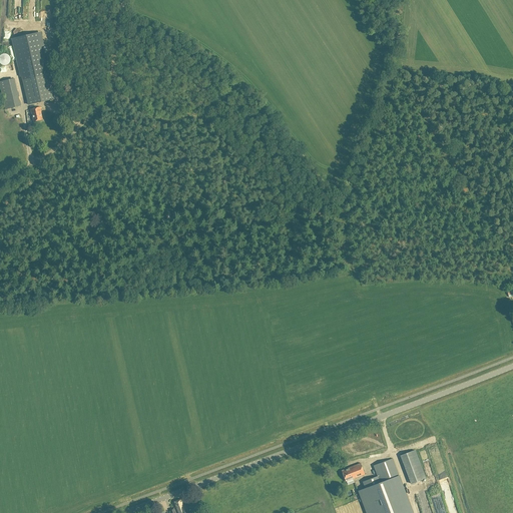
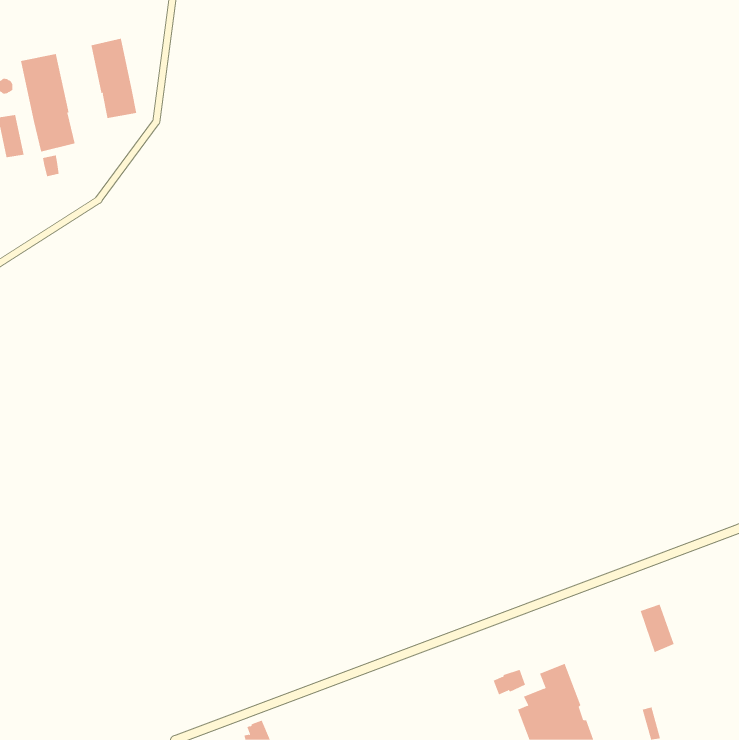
building: none -> [91,38,137,119]
building: [400,450,424,484] -> [640,604,675,653]

